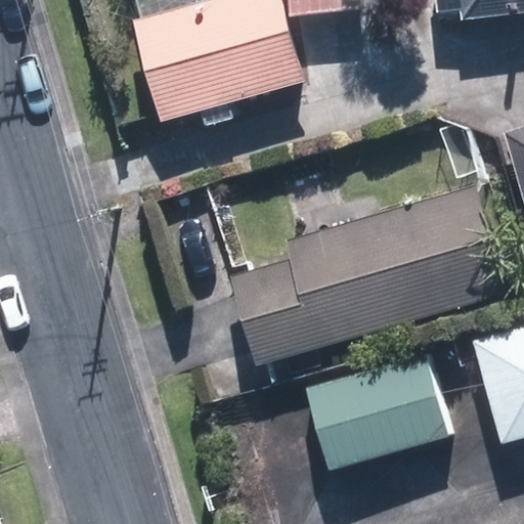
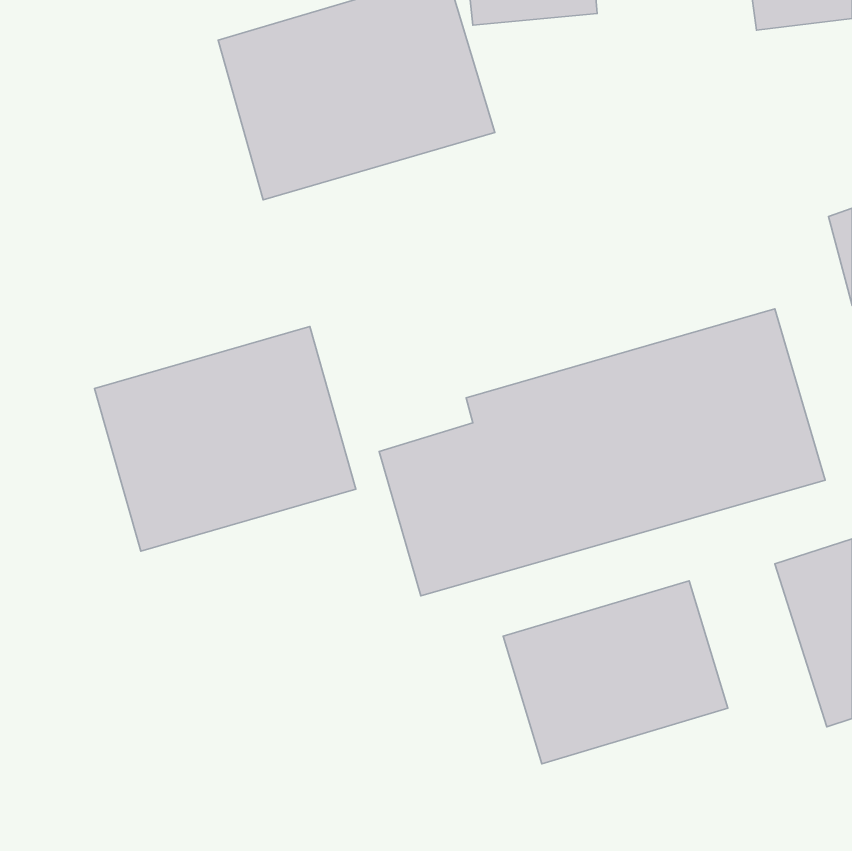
building: none -> [95,326,356,551]

